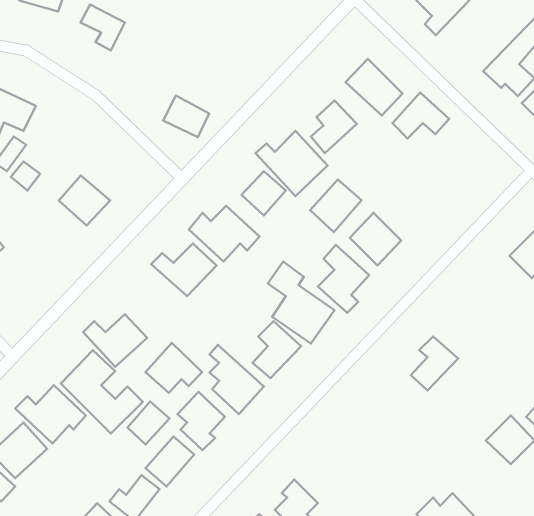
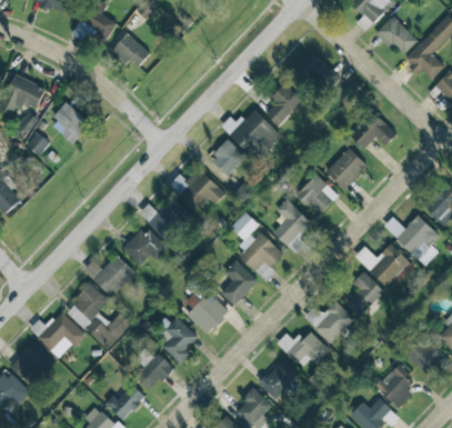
building: none -> [376,16,418,56]
building: [392,93,449,138] -> [351,112,396,149]
building: [163,96,209,137] -> [112,34,149,68]
building: [59,175,110,225] -> [49,103,90,143]
building: [310,179,361,232] -> [325,148,366,190]
building: none -> [394,215,439,266]
building: none -> [366,243,409,286]
building: [145,343,202,393] -> [121,226,167,266]
building: none -> [303,300,353,344]
building: [128,402,169,445] -> none
building: none -> [277,332,329,367]
building: none -> [258,359,298,399]
building: none -> [375,364,411,408]

